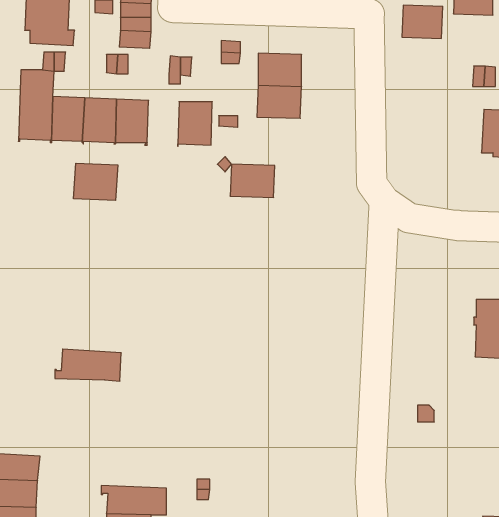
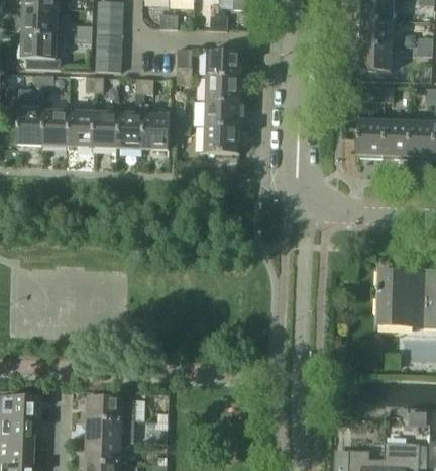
building: [402,5,443,38] -> [359,44,392,71]
building: none -> [206,51,241,77]
building: none -> [118,113,143,150]
building: none -> [356,119,385,158]
building: [74,163,118,200] -> none
building: [230,164,275,197] -> [204,126,239,153]
building: [55,349,121,381] -> [82,395,134,420]

